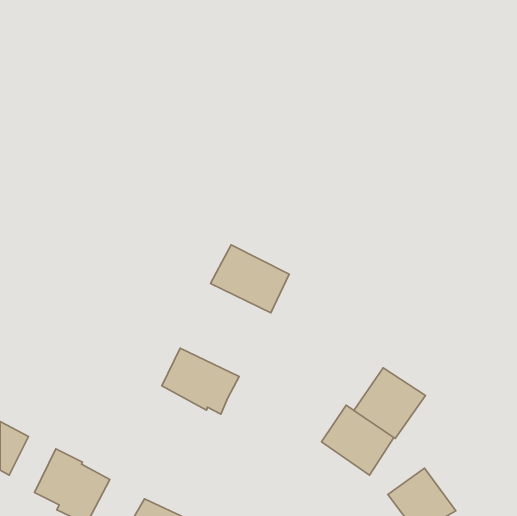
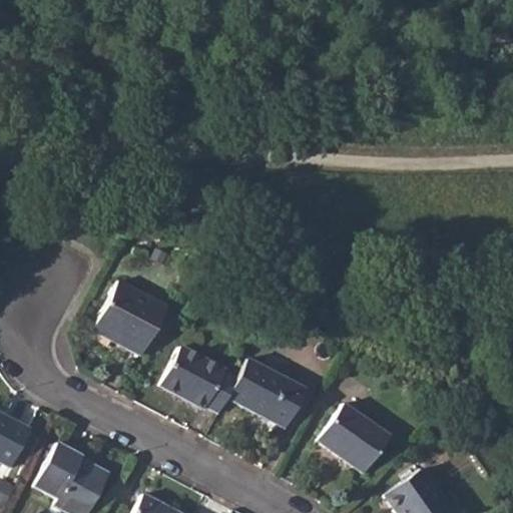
building: [211,245,289,313] -> [227,358,305,425]
building: none -> [94,283,166,356]
building: [354,368,426,439] -> none

